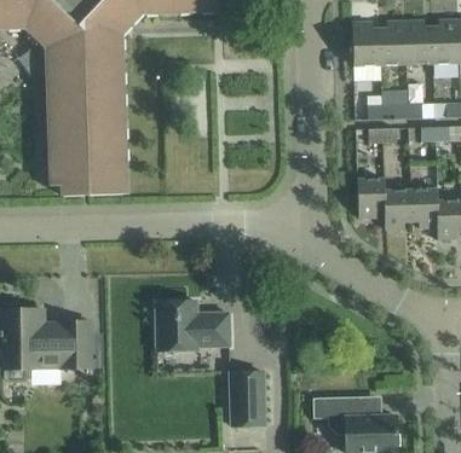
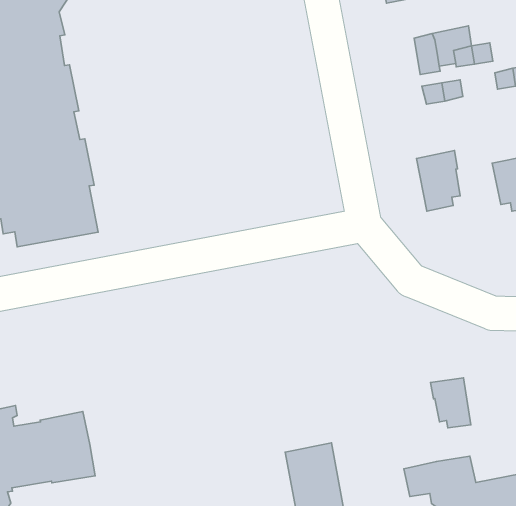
building: [384,191,411,228] -> none
building: [155,301,230,350] -> none
building: none -> [430,378,471,428]

